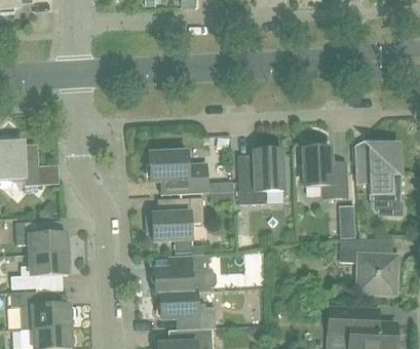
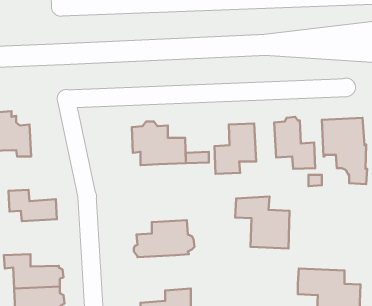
building: [146,197,204,251] -> none
building: [340,238,398,295] -> [235,197,289,249]
building: [11,253,69,288] -> none
building: [155,292,216,329] -> none

